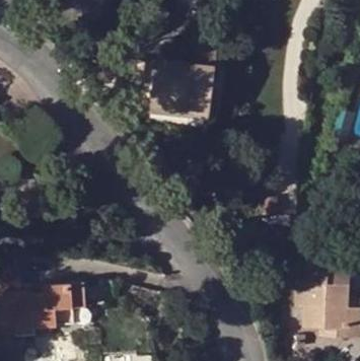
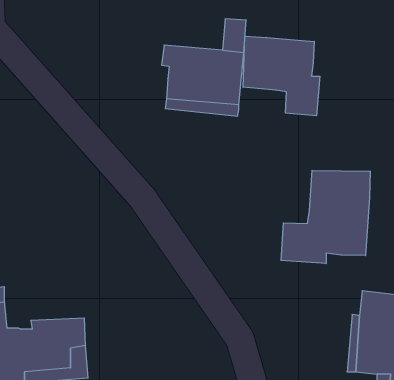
building: none -> [243,36,320,116]
building: none -> [281,170,370,264]

